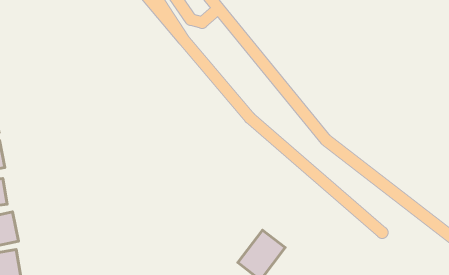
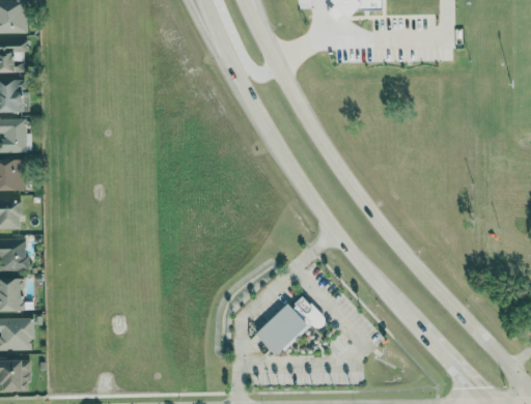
building: none -> [292,297,326,331]

